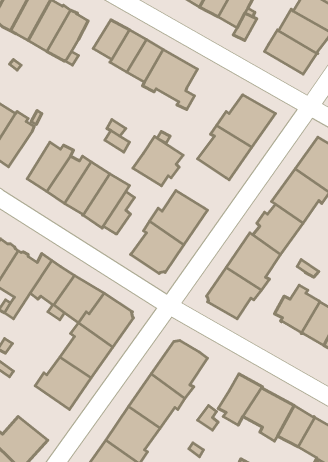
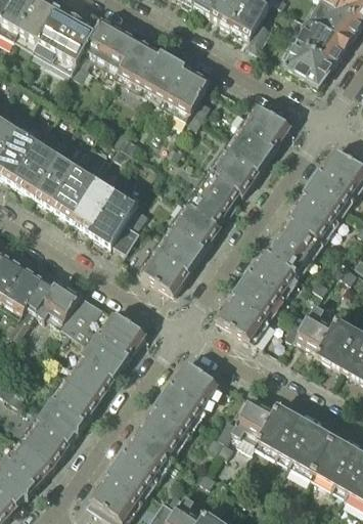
building: none -> [86,18,120,58]
building: none -> [13,144,59,193]
building: [133,136,183,186] -> [187,173,239,224]
building: none -> [24,408,77,465]

